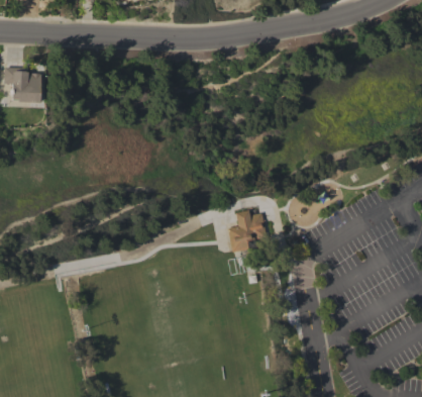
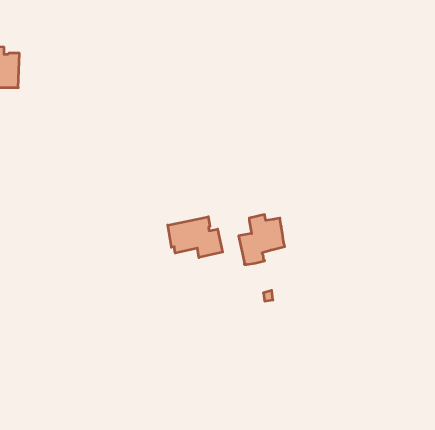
building: none -> [168,217,223,258]

